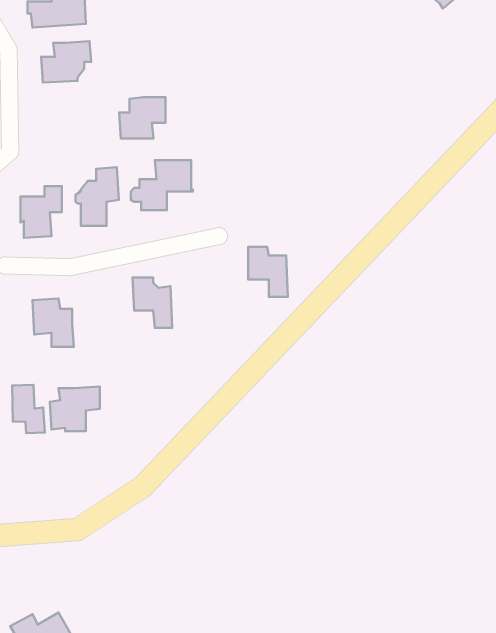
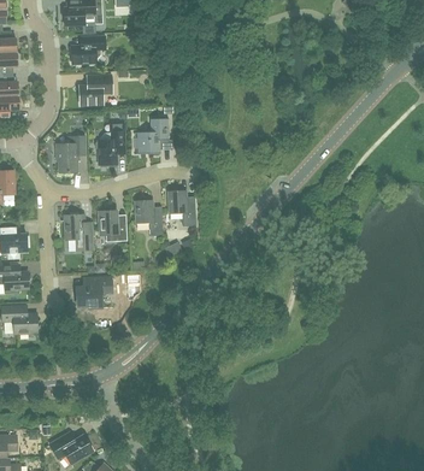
building: [119,97,166,139] -> [78,73,111,102]
building: [248,247,288,297] -> [167,189,195,224]
building: none -> [98,208,126,240]
building: [12,385,45,433] -> none

